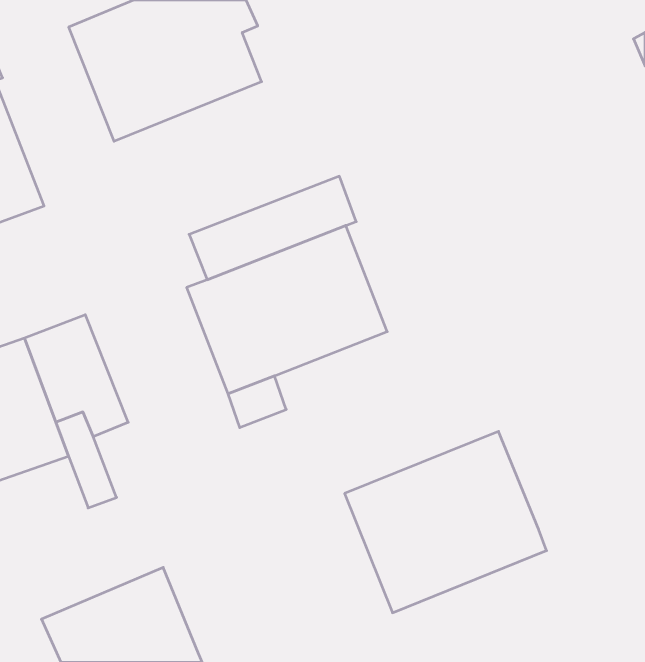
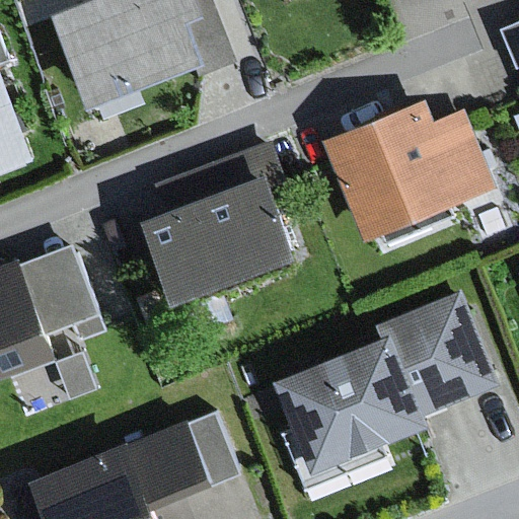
building: none -> [325,103,496,242]
building: none -> [383,292,493,415]
building: none -> [128,411,236,511]

